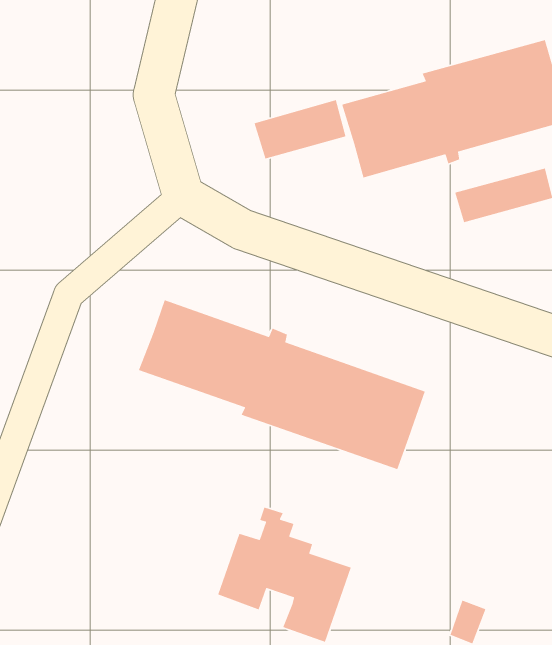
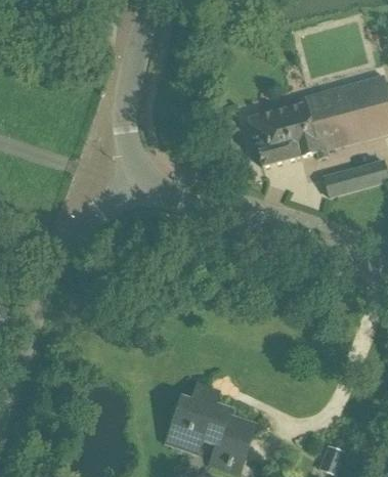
building: [254,99,347,160] -> none
building: [138,299,426,470] -> none

